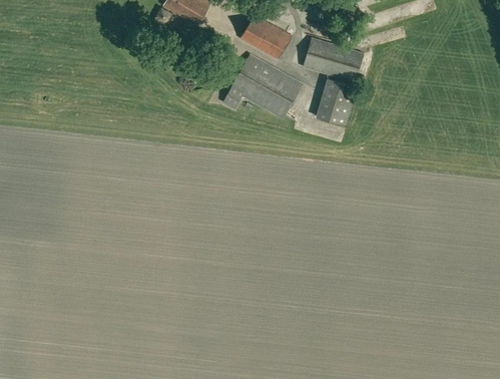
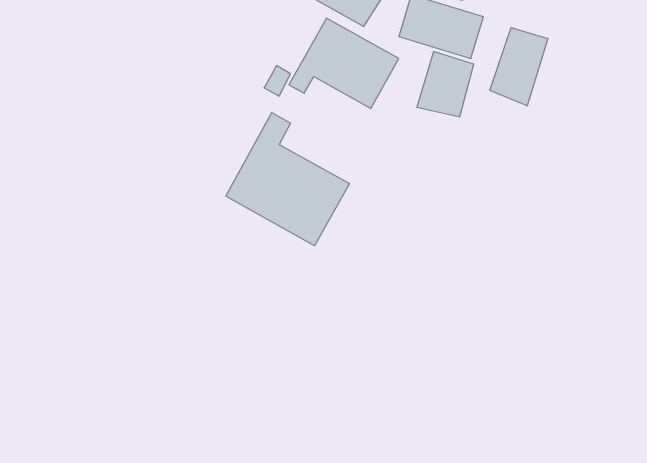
building: none -> [490,28,548,106]
building: none -> [226,113,349,246]

